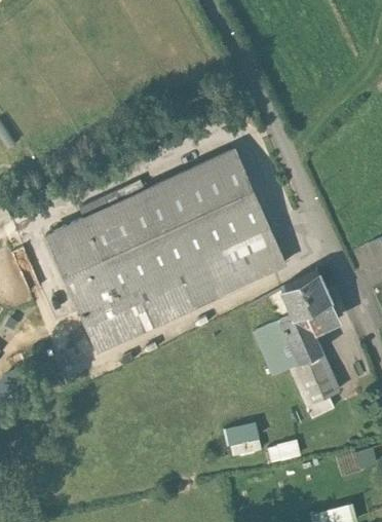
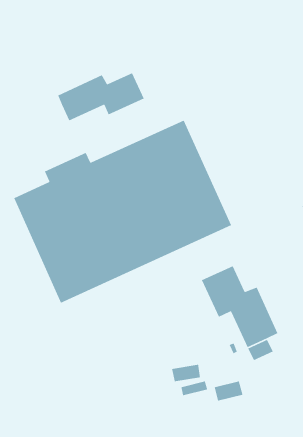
building: none -> [57,72,145,121]
building: [279,270,342,339] -> none

